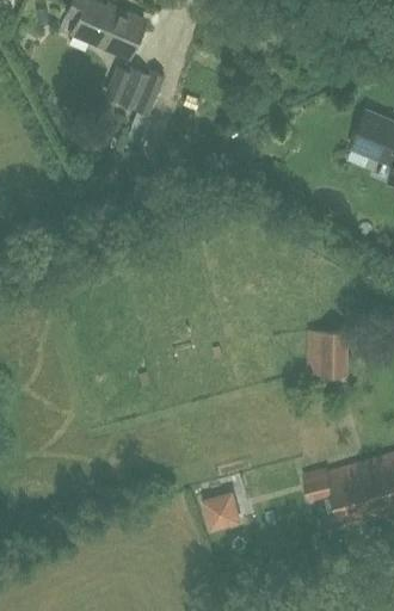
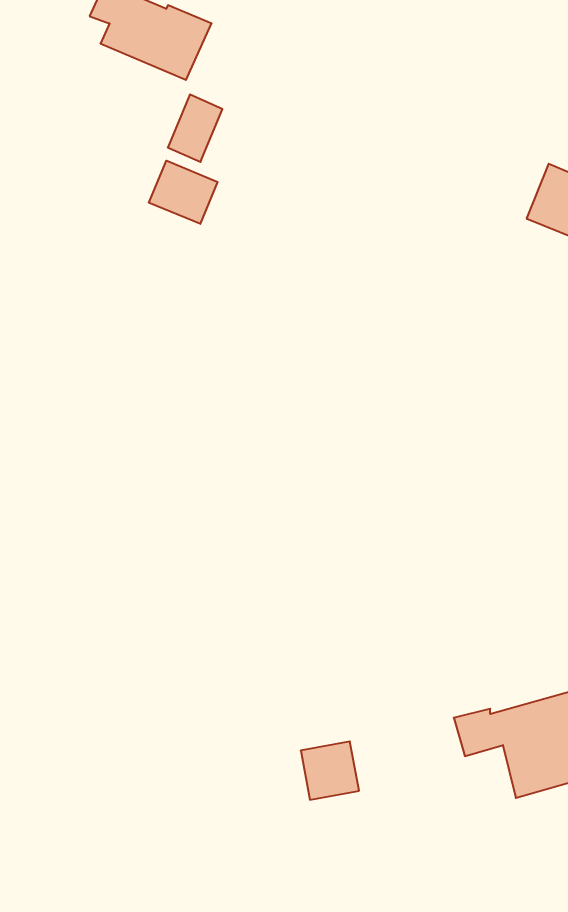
building: none -> [149,161,218,224]
building: [307,329,349,376] -> none

